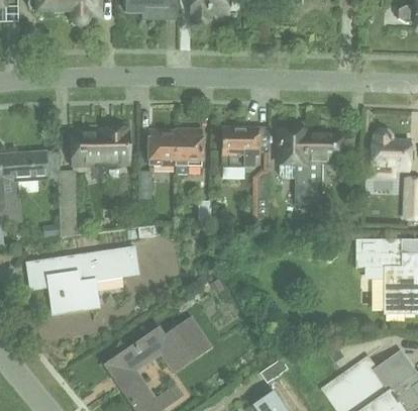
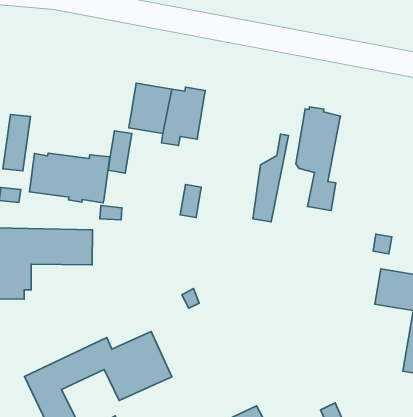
building: [222,124,258,165] -> none
building: [72,126,129,164] -> [29,153,110,203]
building: [305,131,340,202] -> none

